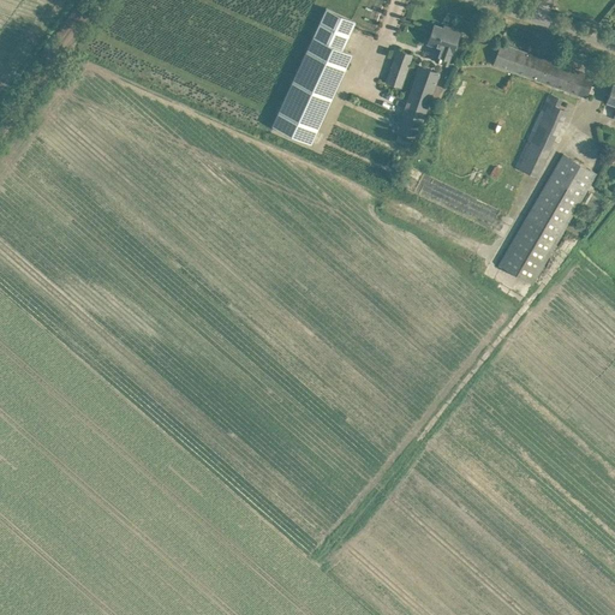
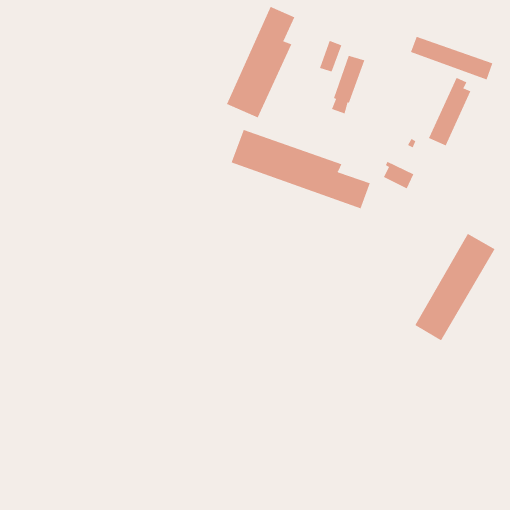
building: [426,25,458,65] -> none
building: [498,155,596,285] -> [415,233,496,341]
building: none -> [231,129,370,209]

